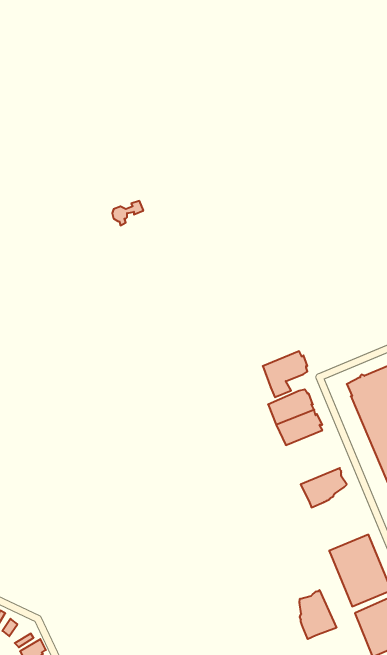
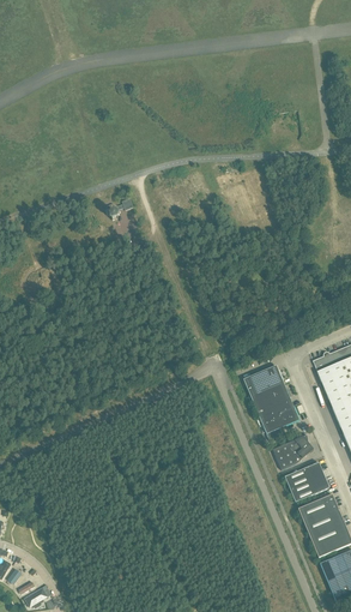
building: [263,351,307,397] -> [259,401,298,442]
building: none -> [284,461,329,502]
building: [300,590,336,639] -> none

